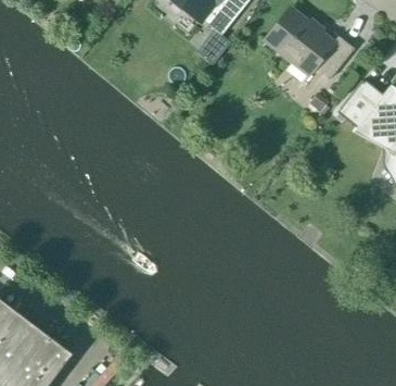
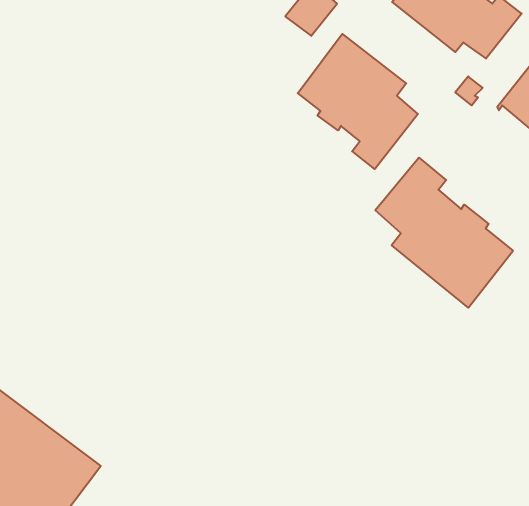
building: none -> [298,34,418,169]
building: none -> [375,158,513,308]

